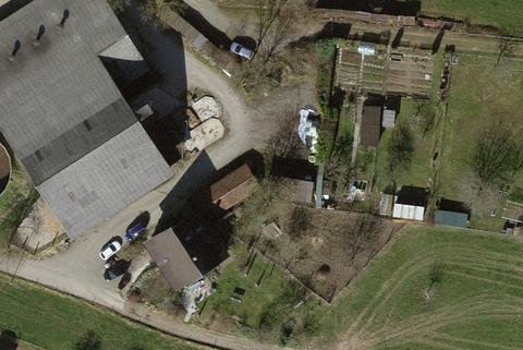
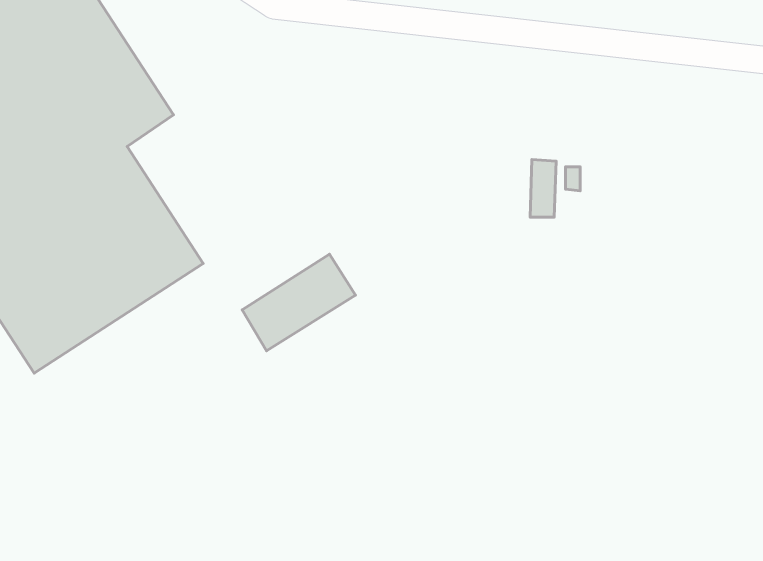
building: [141,210,227,293] -> none

